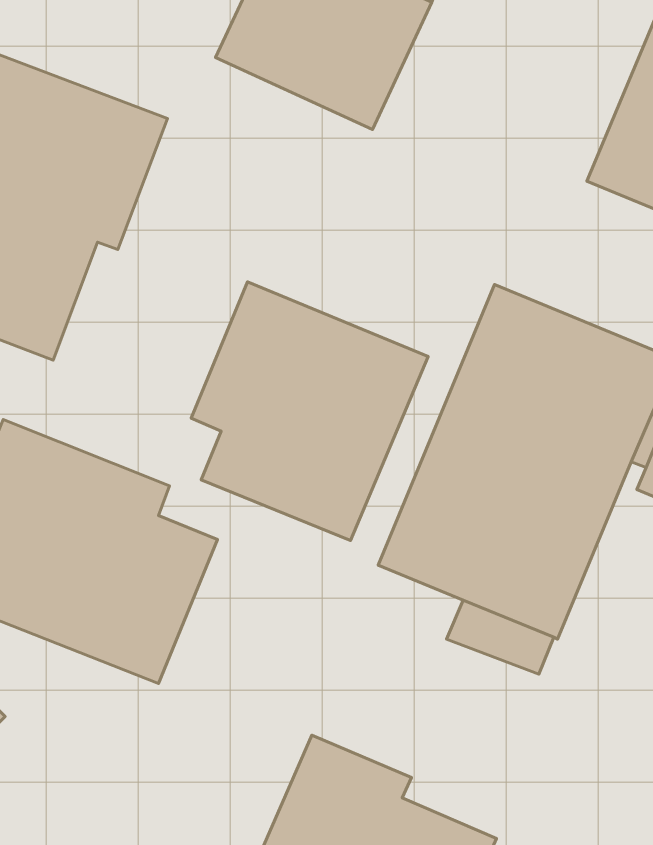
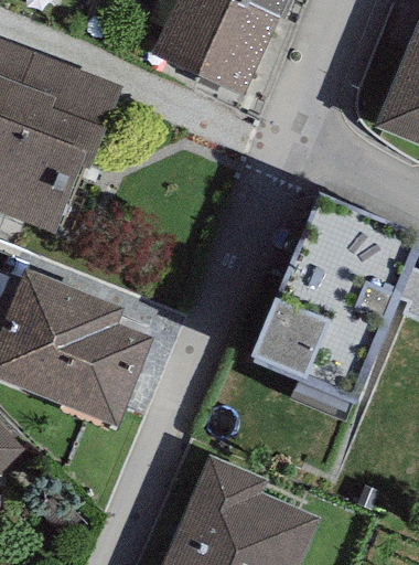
building: [191,282,428,540] -> none

